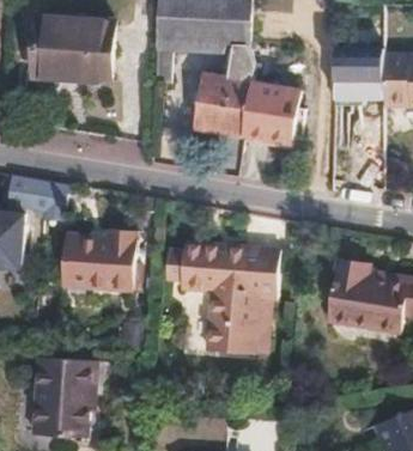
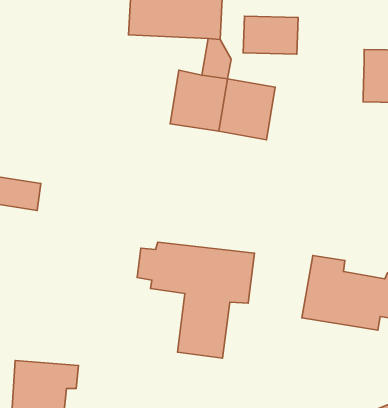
building: [36,13,114,79] -> none
building: [333,63,387,100] -> [243,16,298,54]
building: [57,239,135,304] -> none

